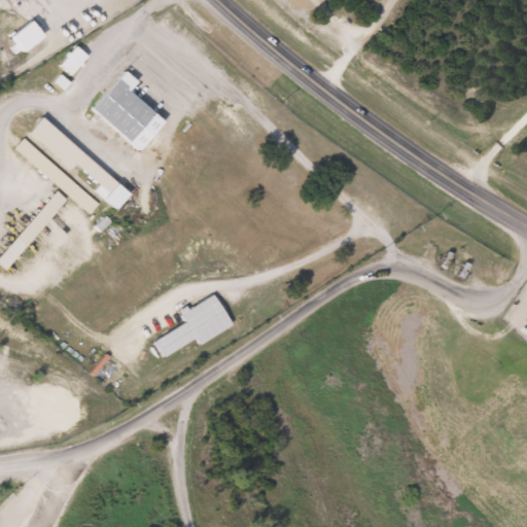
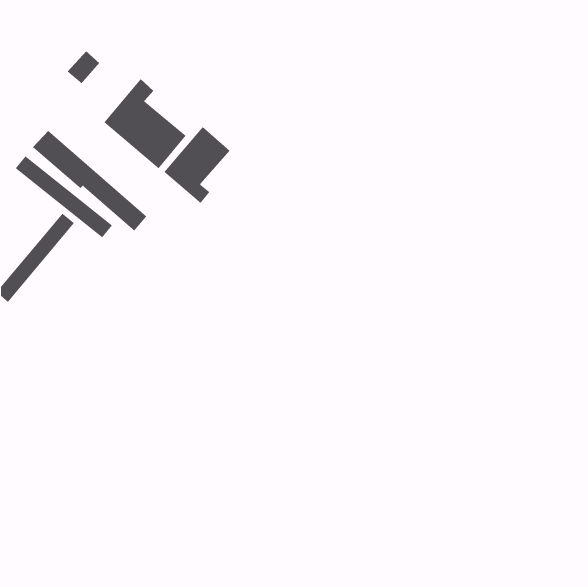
building: [12,20,45,51] -> none
building: none -> [164,126,230,204]
building: [155,294,233,355] -> none

